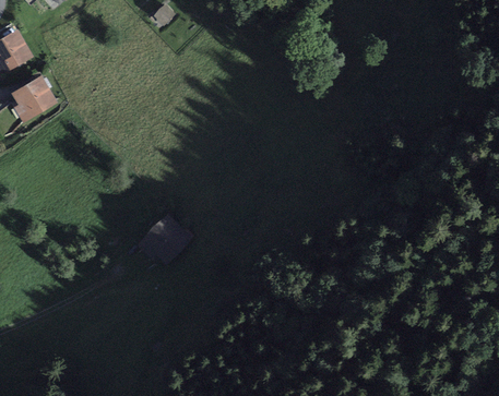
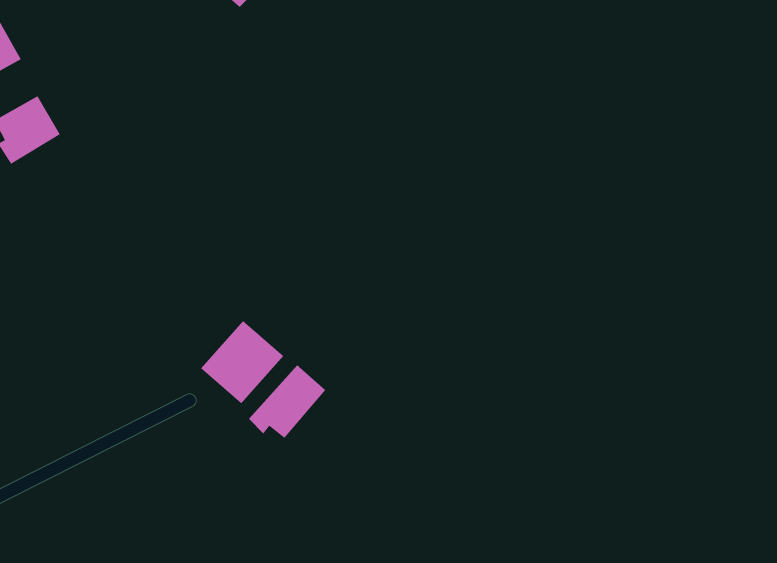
building: none -> [248,365,326,439]

